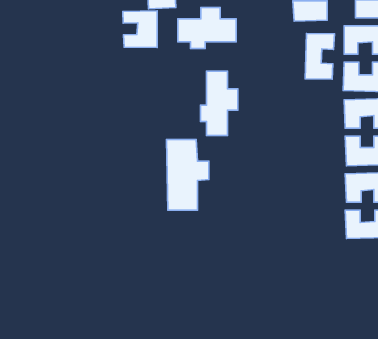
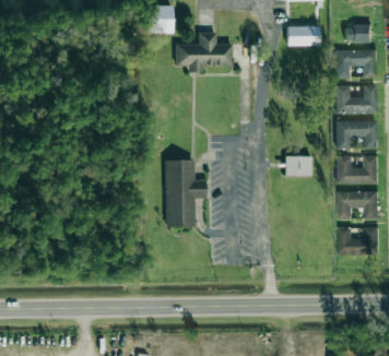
building: [123,11,157,47] -> none
building: [305,34,334,79] -> none
building: [200,71,238,135] -> none
building: none -> [284,156,310,176]

